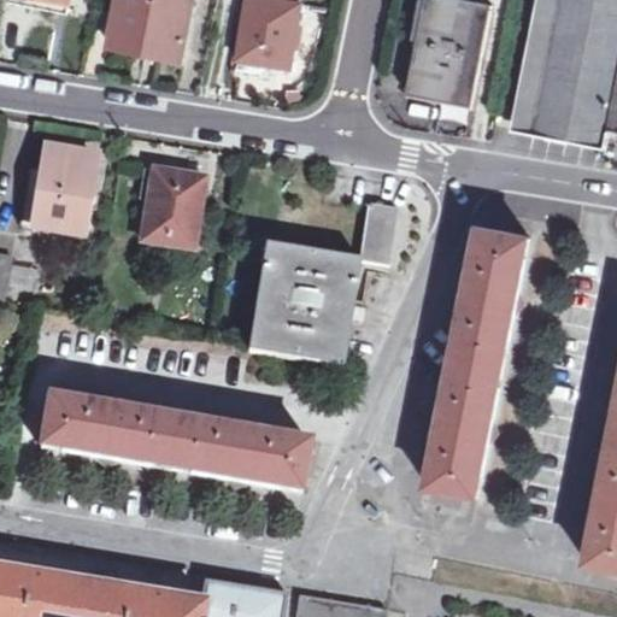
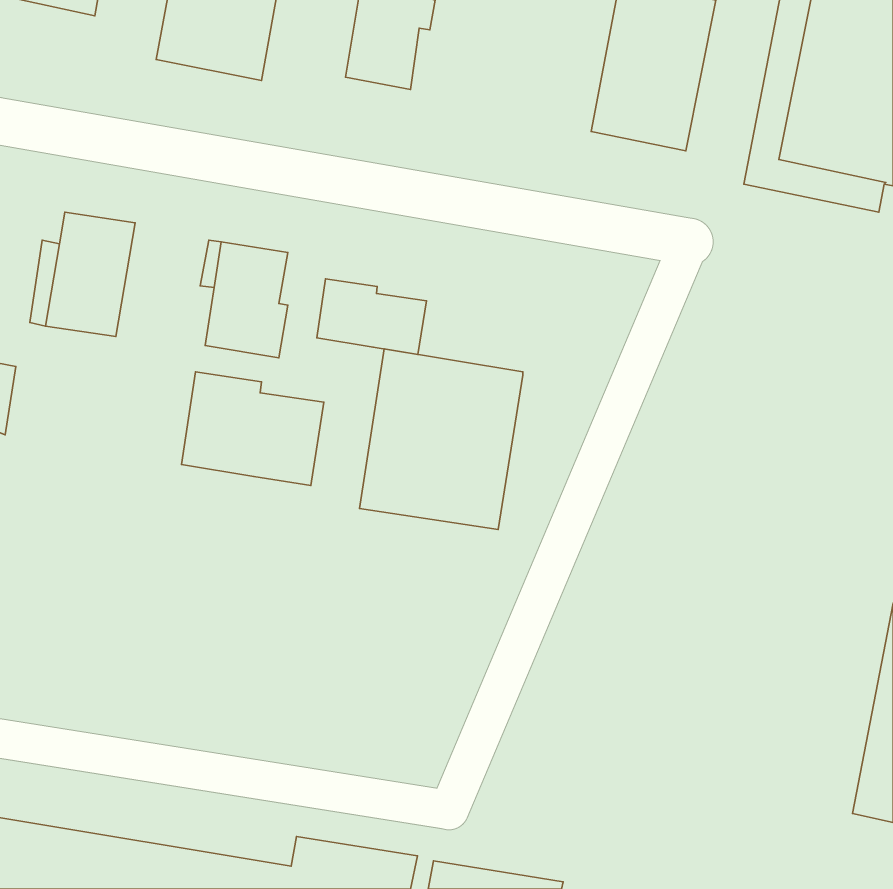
building: none -> [317,279,426,354]
building: [359,200,398,263] -> none
building: [427,225,525,493] -> none
building: none -> [182,372,324,486]
building: [40,394,307,487] -> none

